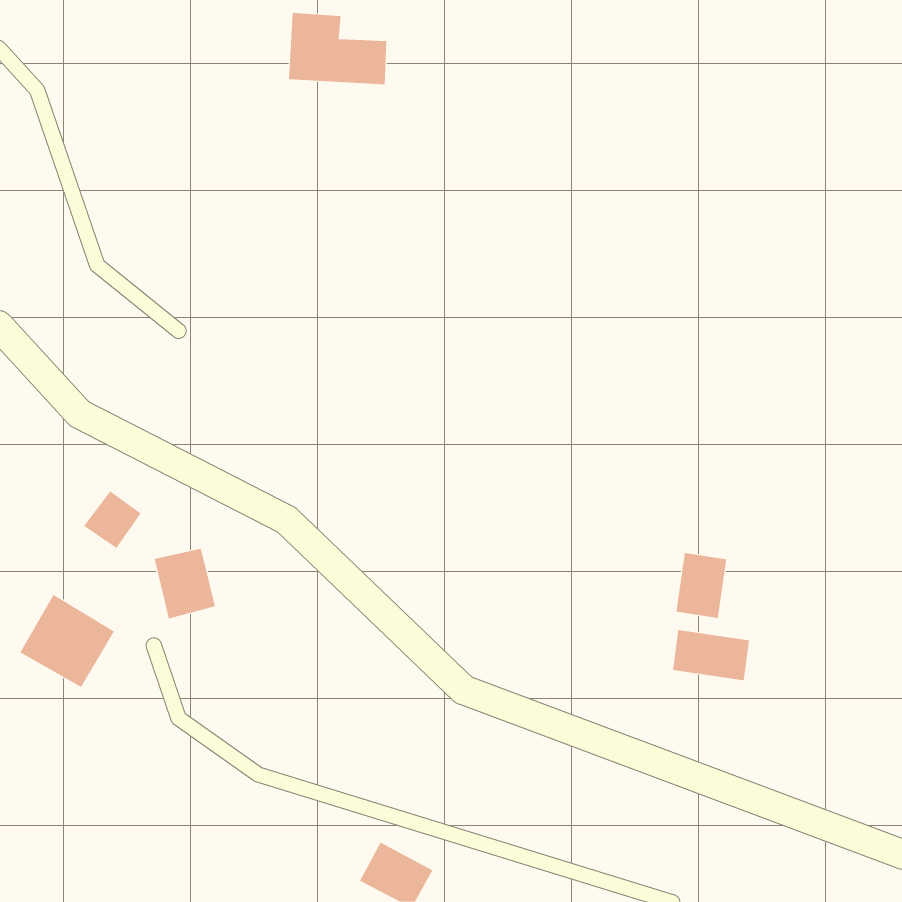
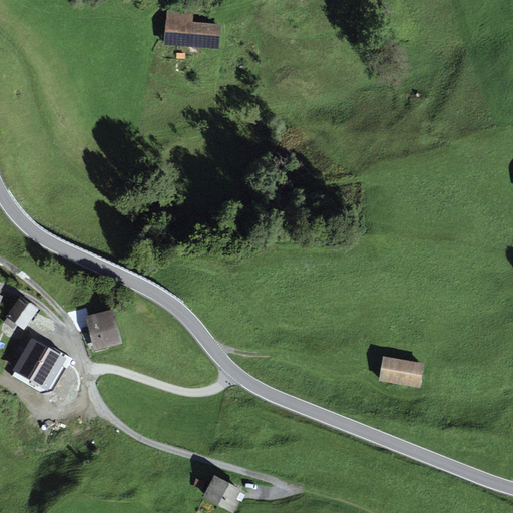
building: [83,491,142,549] -> [4,296,37,329]
building: [676,552,727,619] -> none

